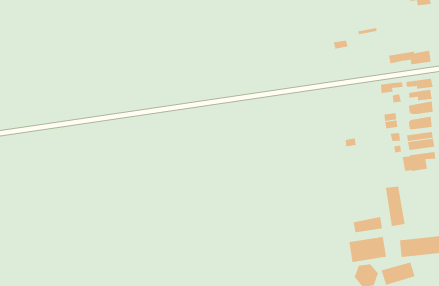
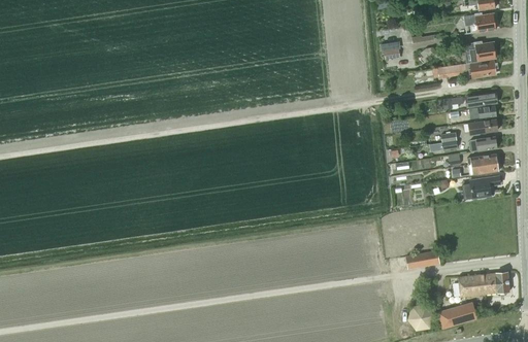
building: none -> [465,13,497,32]
building: none -> [469,41,498,62]
building: [385,186,405,227] -> none
building: [349,236,387,263] -> none

